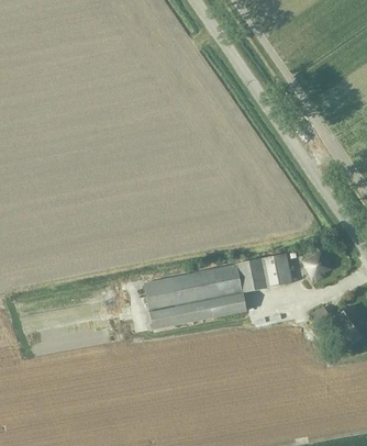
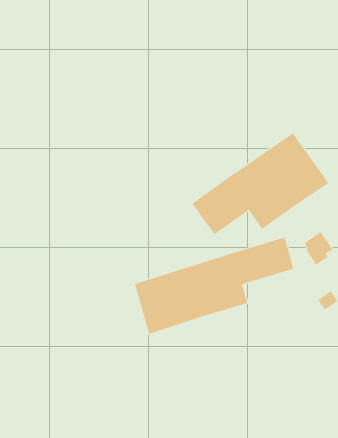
building: none -> [192,133,329,235]

